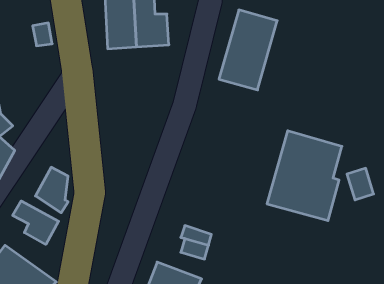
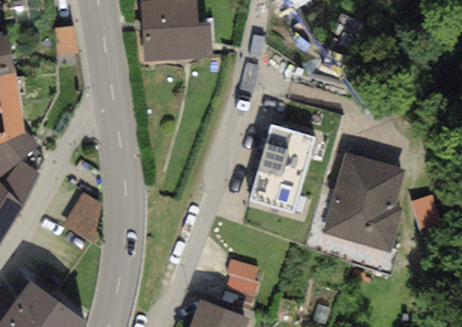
building: [219,10,277,90] -> [248,124,313,213]
building: [13,201,59,244] -> none

